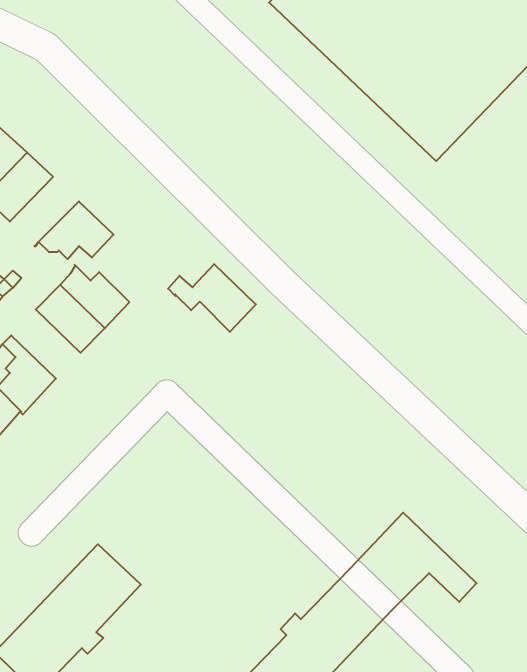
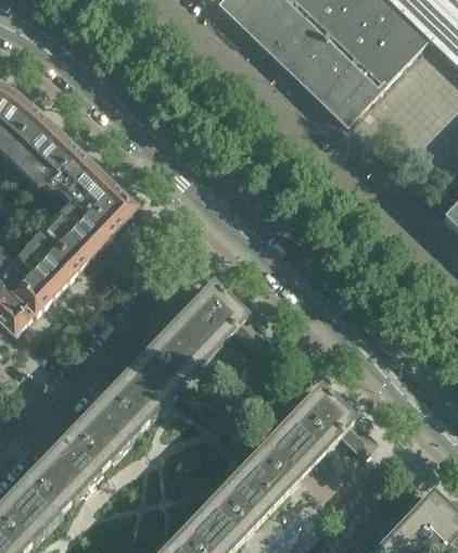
building: none -> [24,135,76,187]
building: [168,264,256,332] -> [67,178,133,229]
building: none -> [25,235,77,287]
building: none -> [90,284,267,442]

